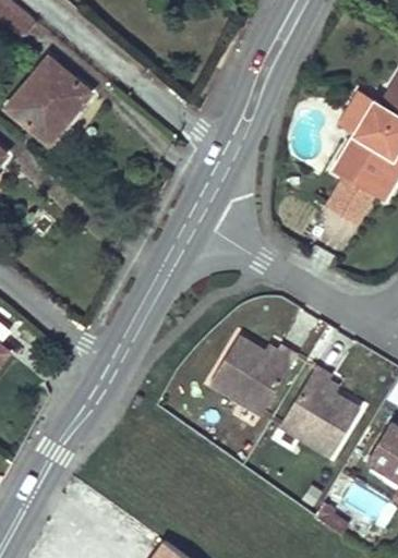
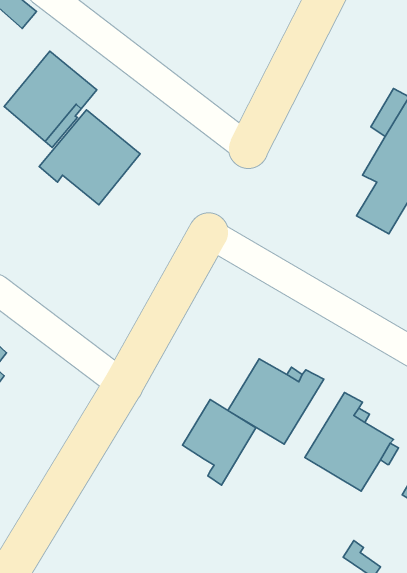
building: none -> [39,110,140,205]
building: none -> [182,400,256,485]

